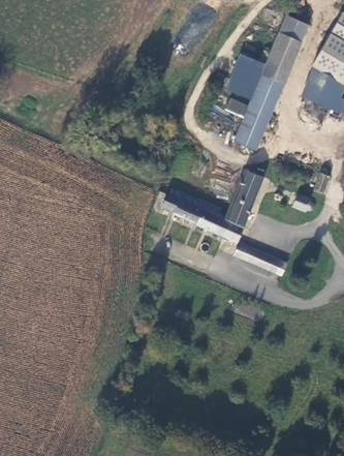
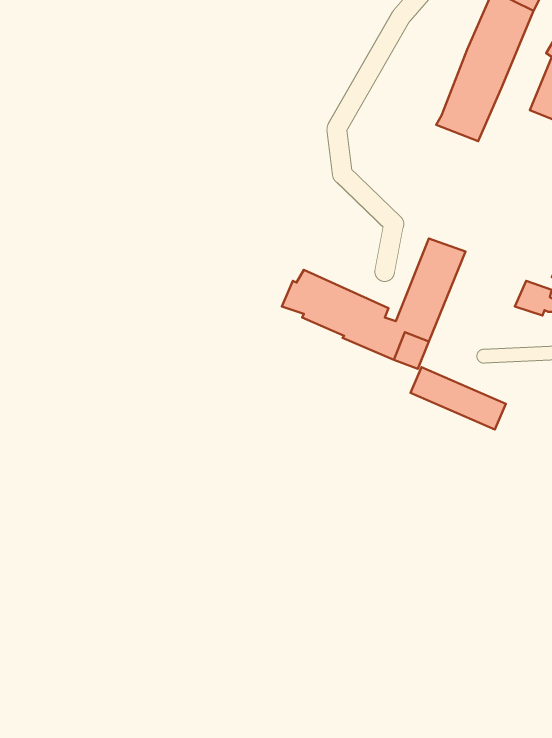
building: [225,54,265,100] -> none
building: [224,98,272,151] -> none

